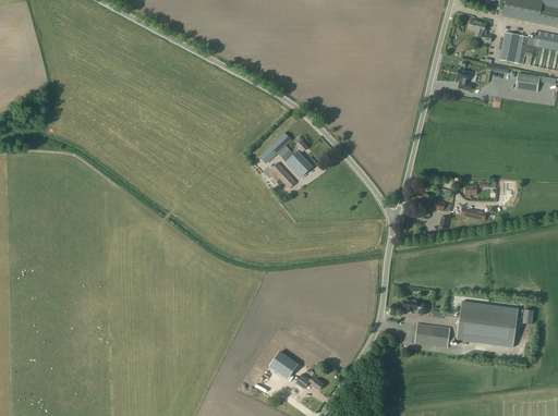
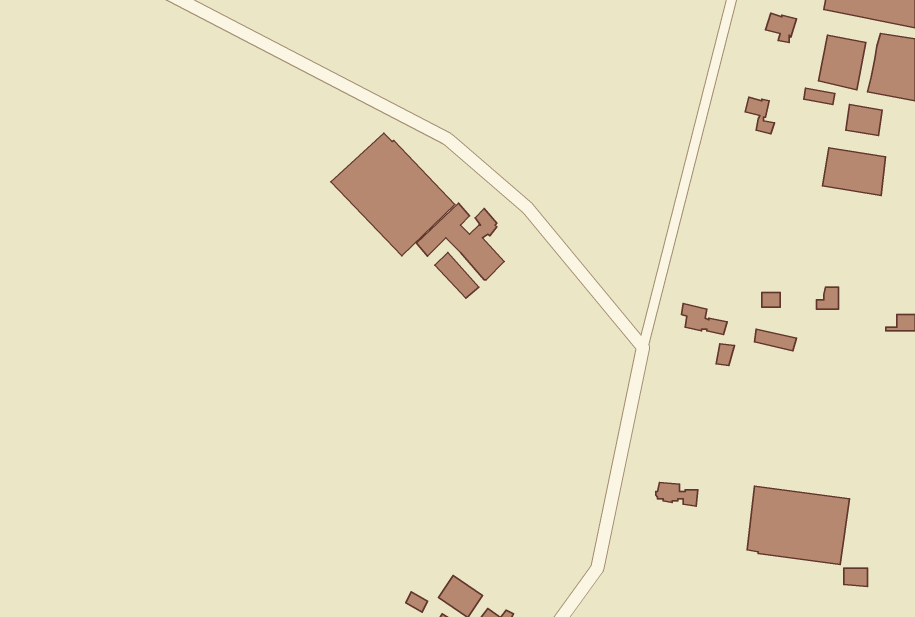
building: none -> [331,133,455,256]
building: none -> [822,148,886,196]
building: [414,322,449,347] -> none

